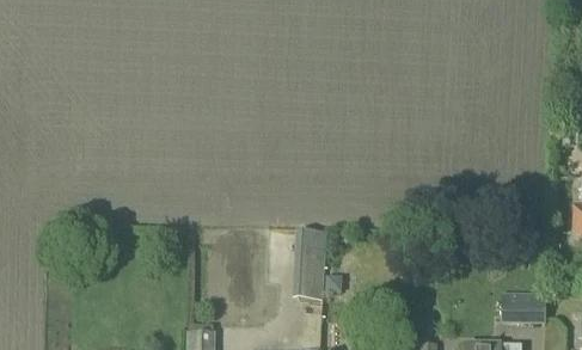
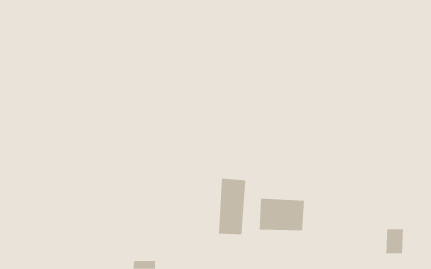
building: none -> [259,198,304,231]

